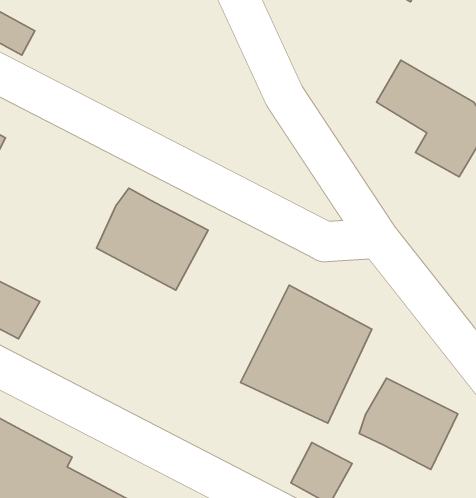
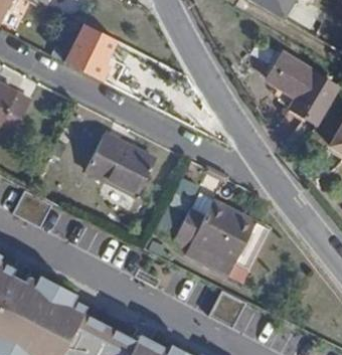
building: none -> [73,25,116,65]
building: [359,378,458,469] -> none

